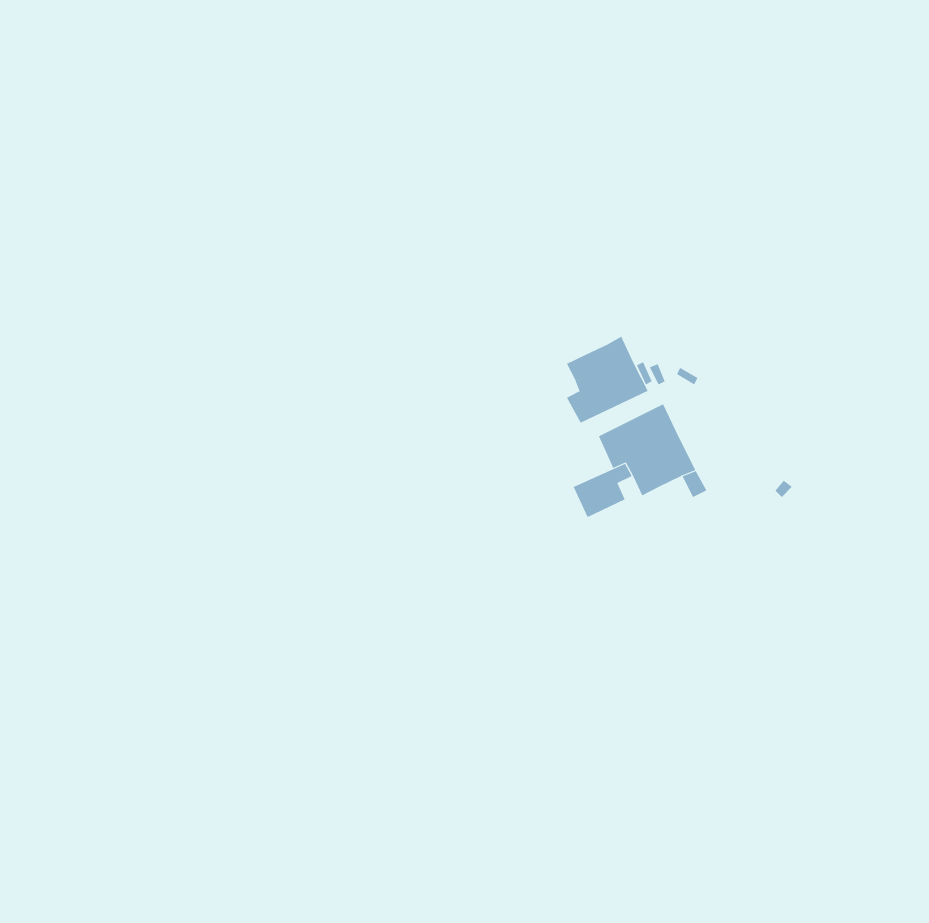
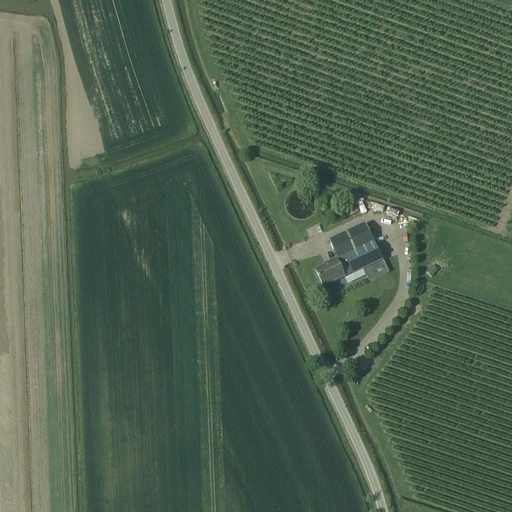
building: [566,336,648,424] -> none

